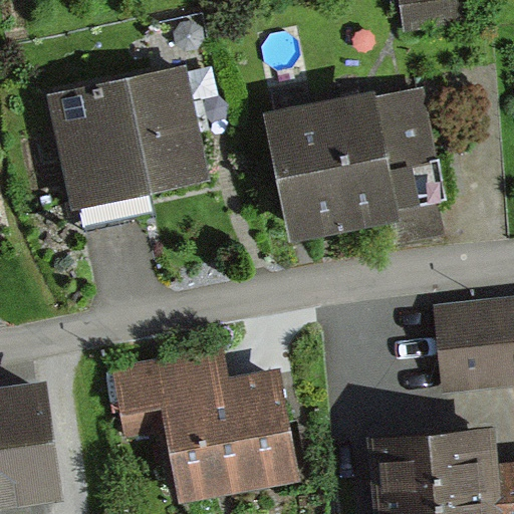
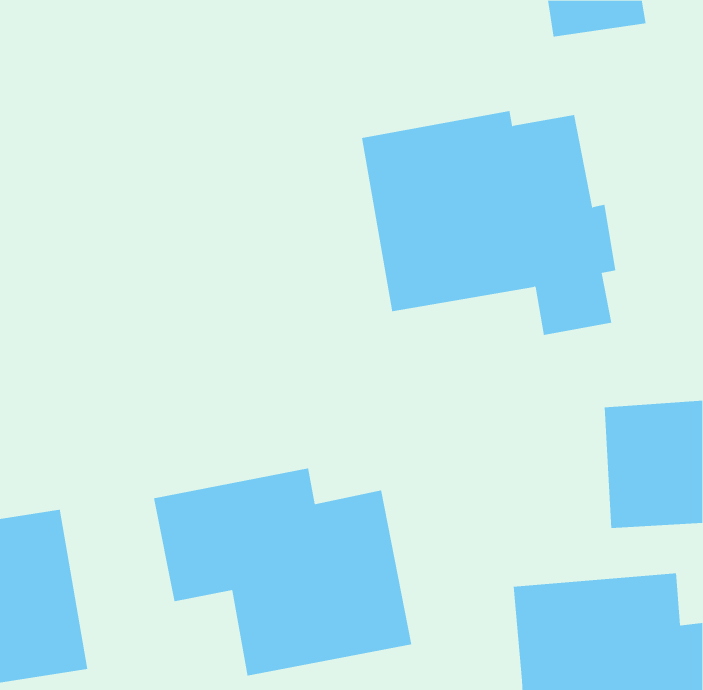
building: [46,66,209,207] -> none

